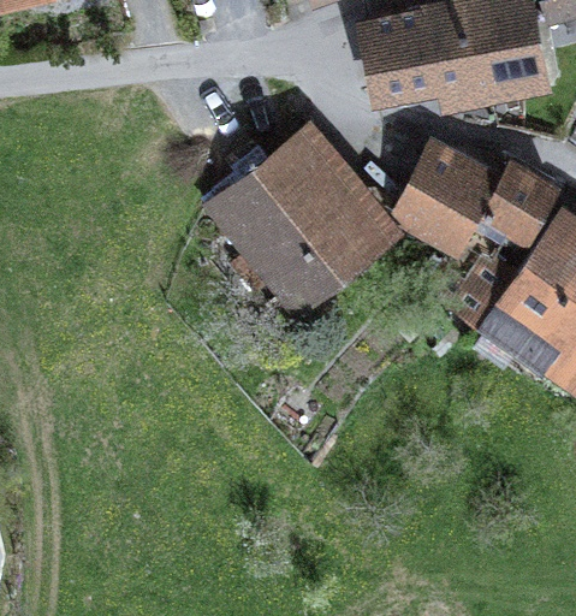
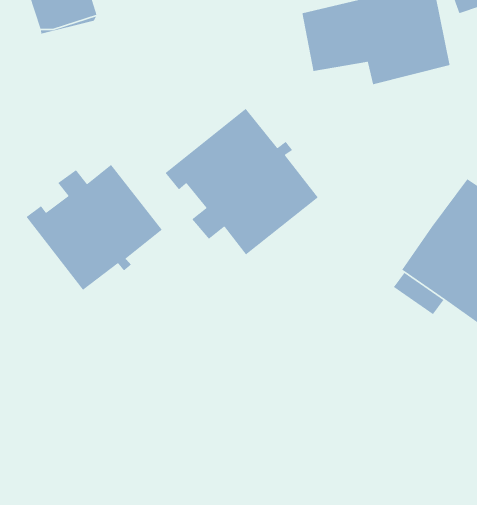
building: [404,147,559,321] -> none
building: none -> [25,164,163,291]

